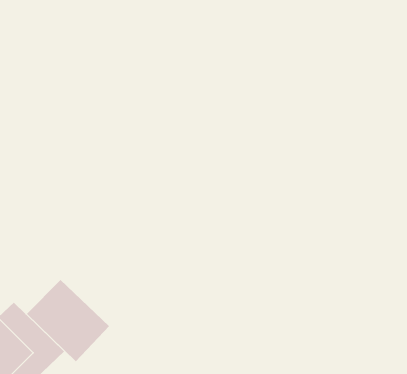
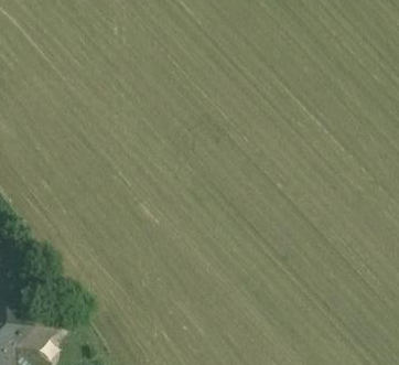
building: [26,279,110,362] -> none

